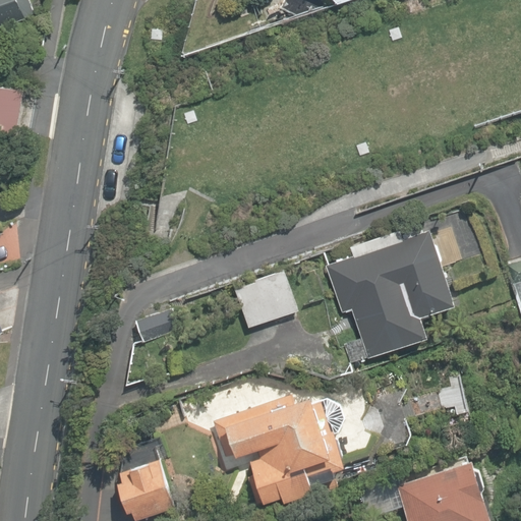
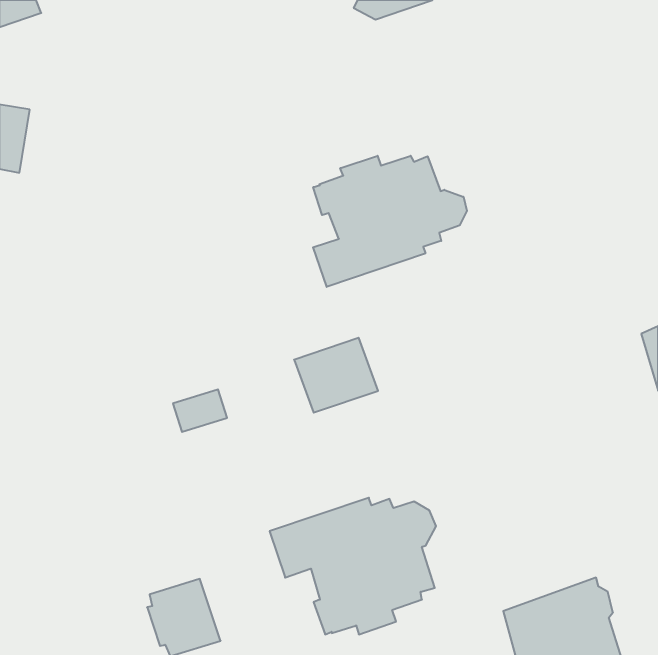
building: none -> [313,156,467,287]
building: [325,230,454,359] -> none

